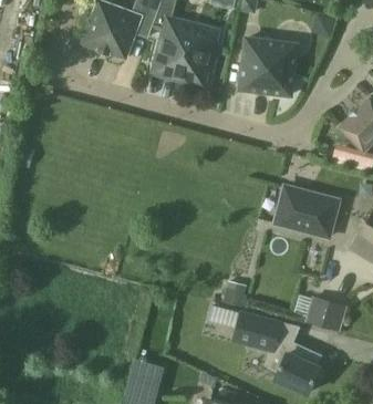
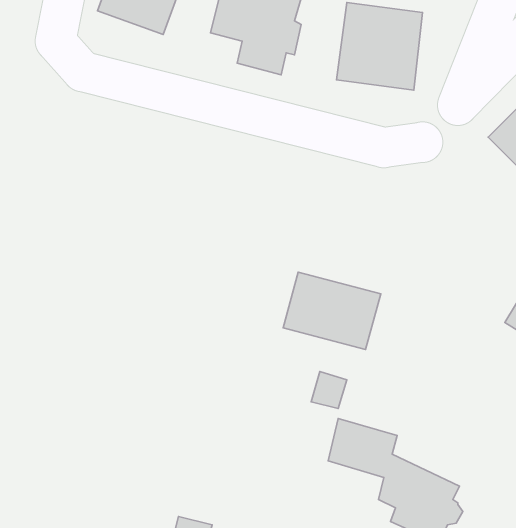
building: [274,186,339,237] -> [283,272,381,350]
building: [305,297,346,330] -> none

